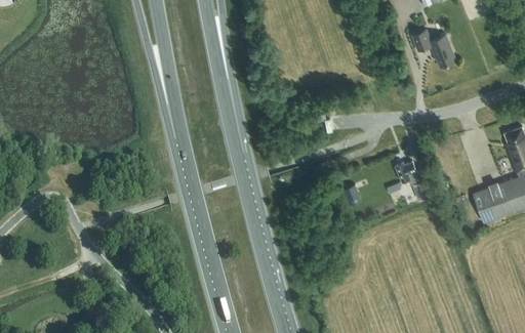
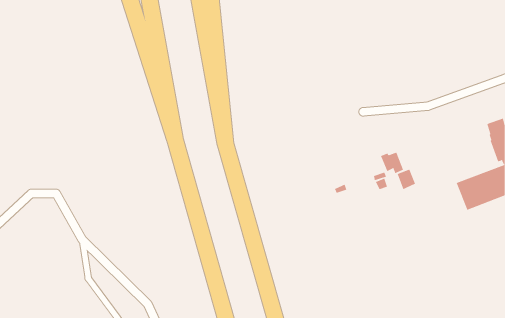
building: [412,29,456,67] -> none

